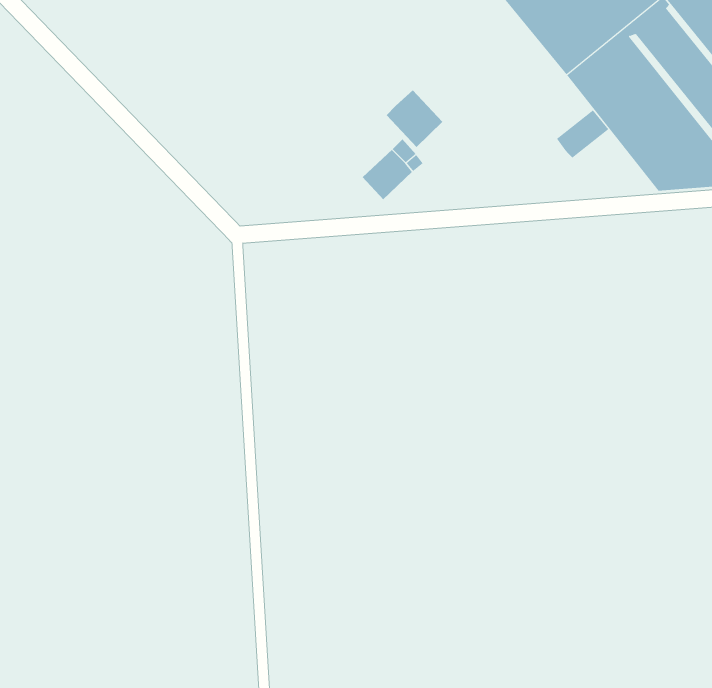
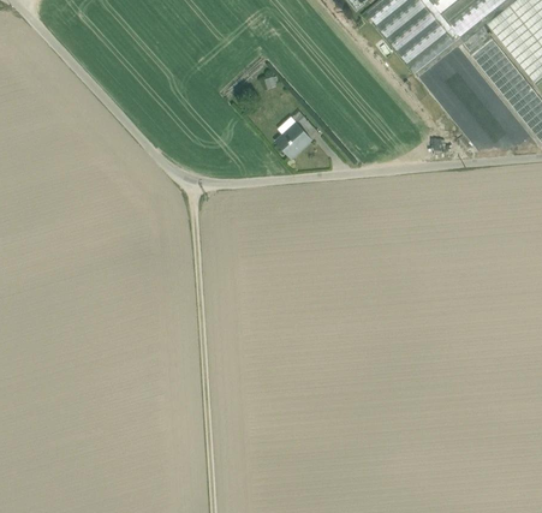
building: [386,90,443,148] -> none
building: [556,109,609,159] -> none

